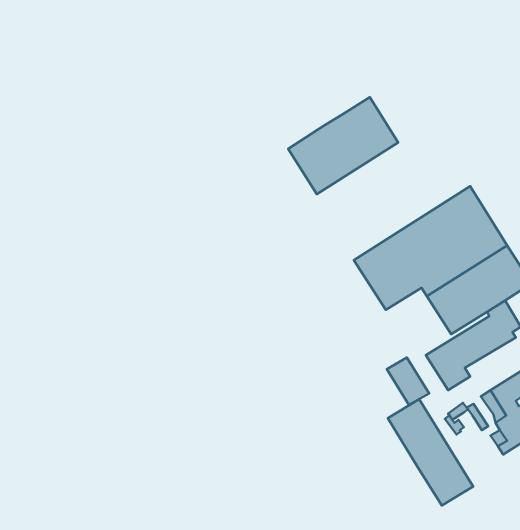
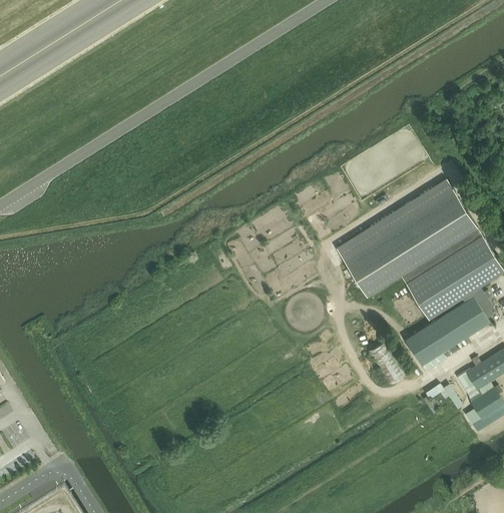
building: [288,97,398,194] -> none
building: [388,399,473,506] -> none

